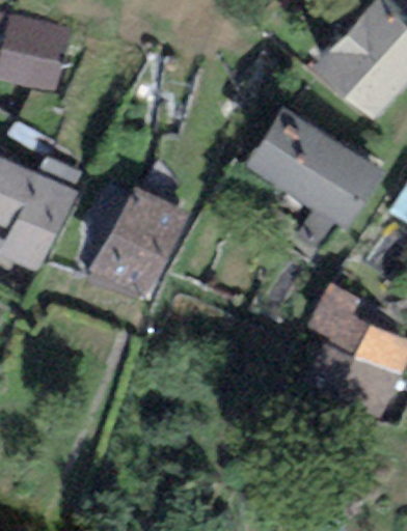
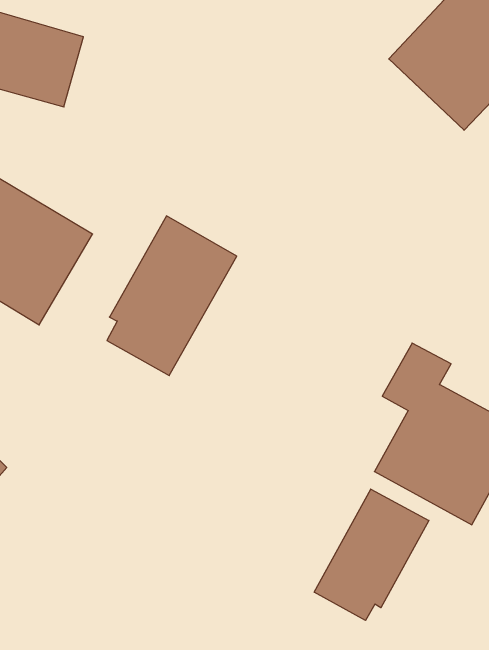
building: [244,100,383,226] -> none
building: none -> [314,489,429,620]

